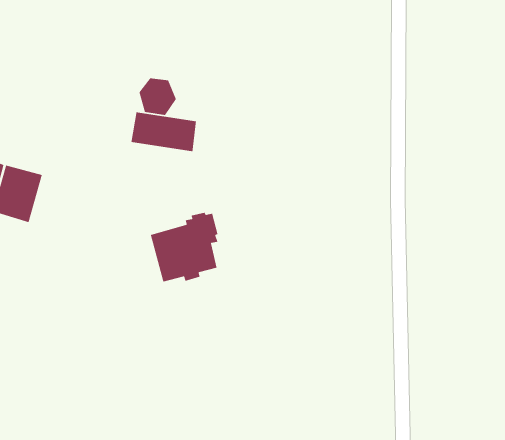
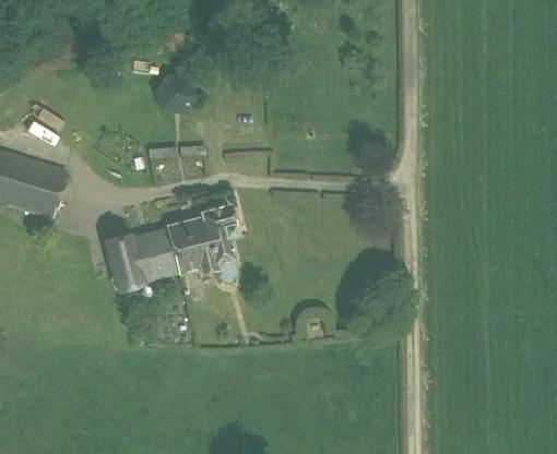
building: [131,111,197,152] -> none
building: none -> [107,227,180,290]

